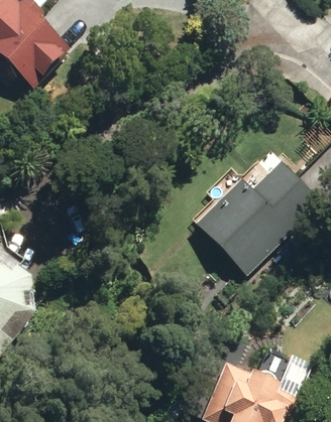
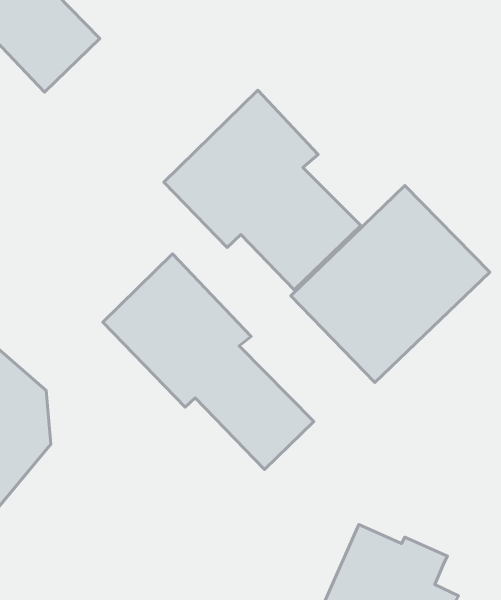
building: none -> [164,90,361,290]
building: none -> [103,254,314,469]

